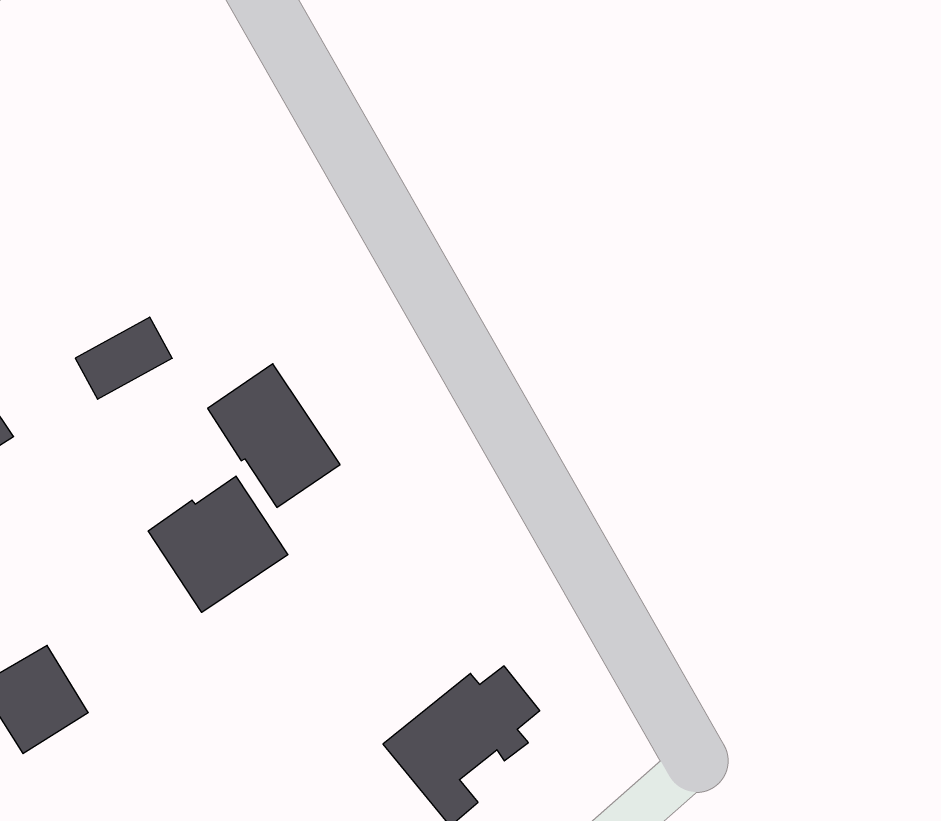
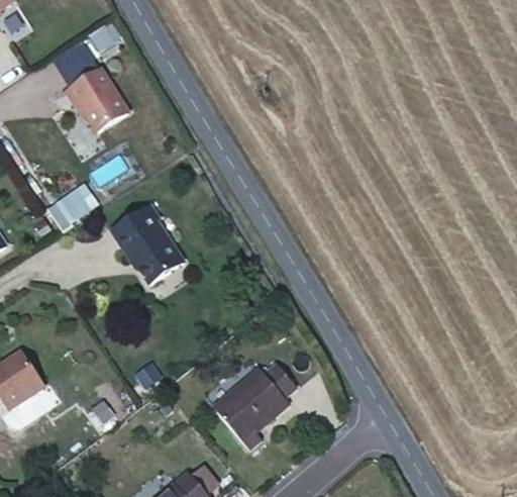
building: none -> [66,66,128,128]
building: [148,476,288,612] -> none

